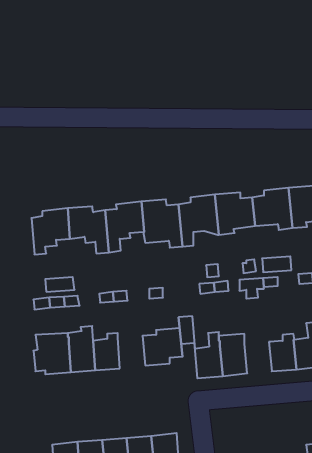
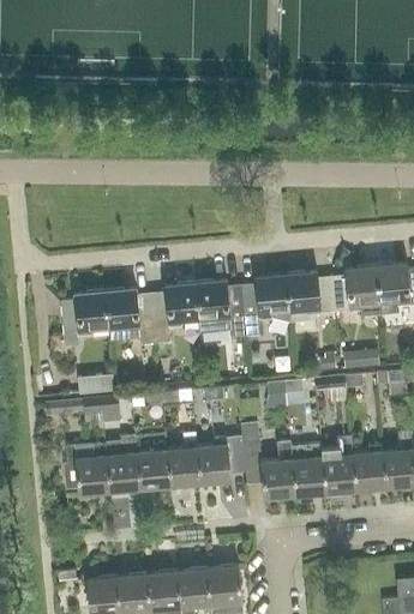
building: none -> [168,434,202,487]
building: none -> [323,437,356,493]

